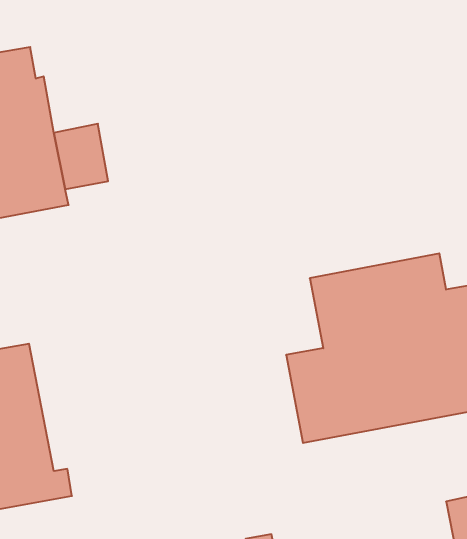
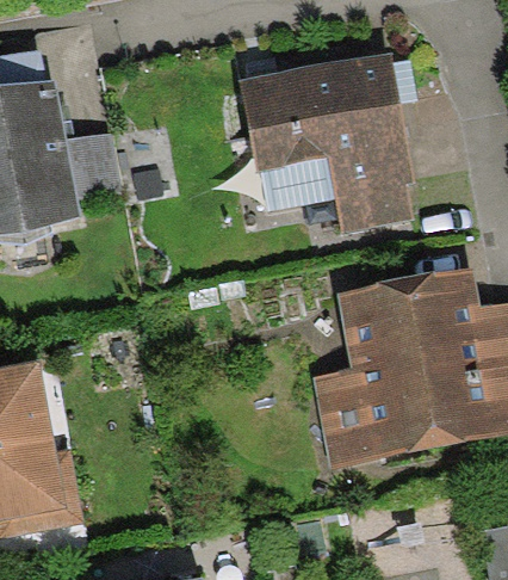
building: none -> [240,54,414,230]

